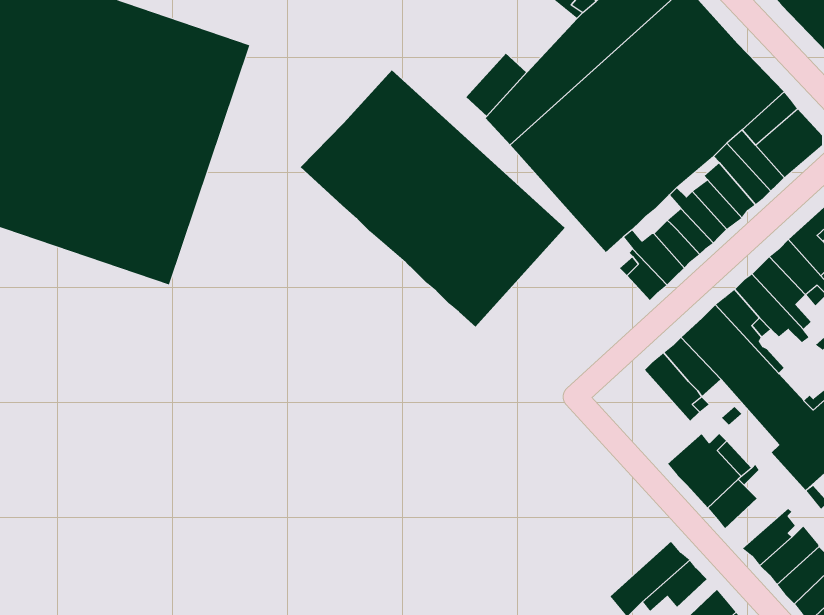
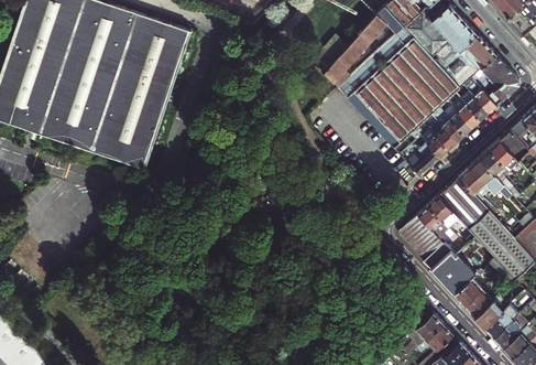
building: [300,69,566,328] -> none
building: none -> [398,217,450,271]
building: none -> [463,291,501,320]

